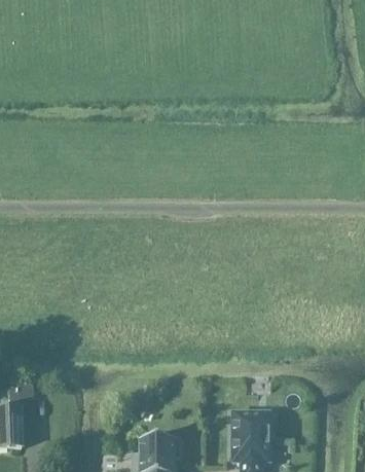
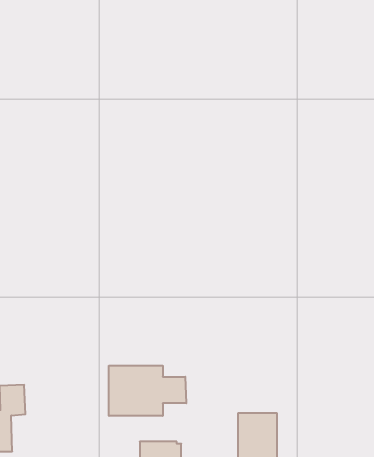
building: none -> [109,366,186,416]

